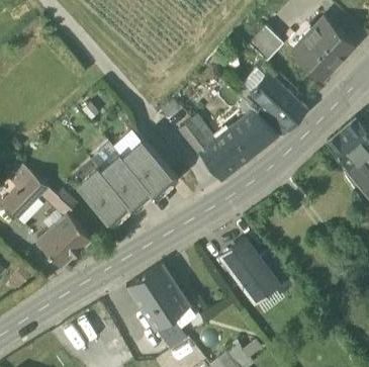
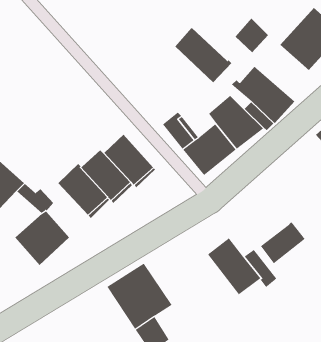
building: none -> [174,28,232,83]
building: none -> [260,222,305,264]

